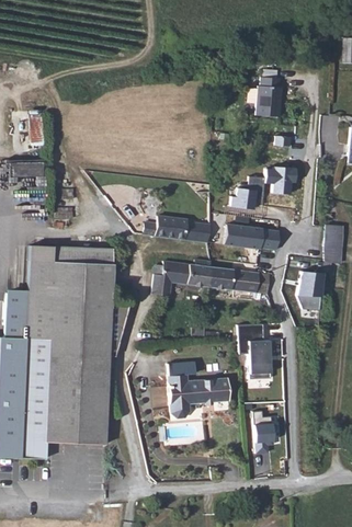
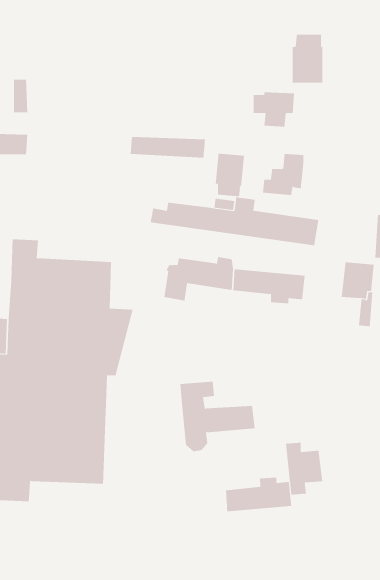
building: [266,167,300,195] -> [253,92,295,127]
building: none -> [215,153,244,197]
building: [50,247,112,264] -> [130,137,206,158]
building: [238,323,271,375] -> none
building: none -> [225,477,292,512]

